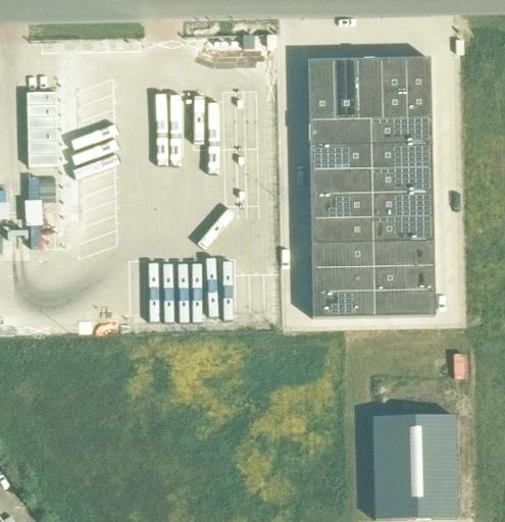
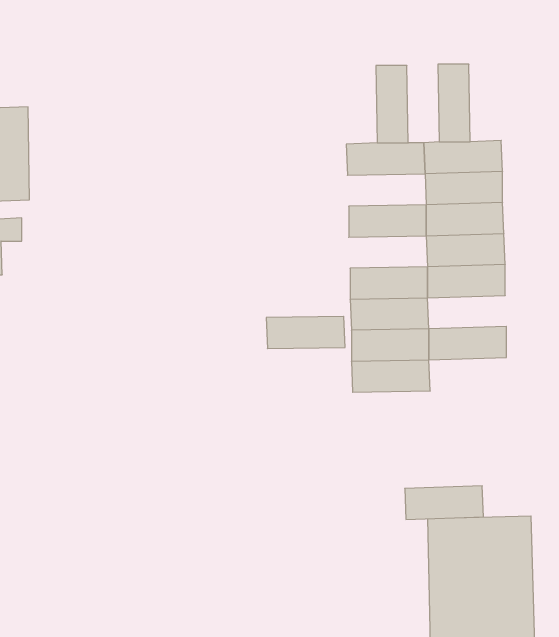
building: [406,56,432,118] -> none
building: [357,57,383,119] -> none
building: [308,58,334,120] -> none
building: [310,144,372,169] -> none
building: [311,193,373,218] -> [266,316,345,349]
building: [373,240,436,266] -> none
building: [374,289,437,315] -> [405,486,484,519]

